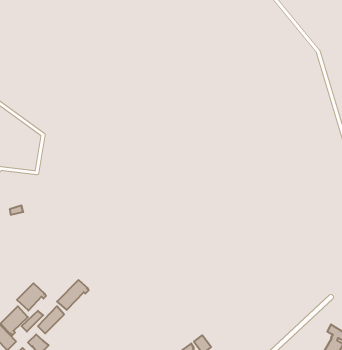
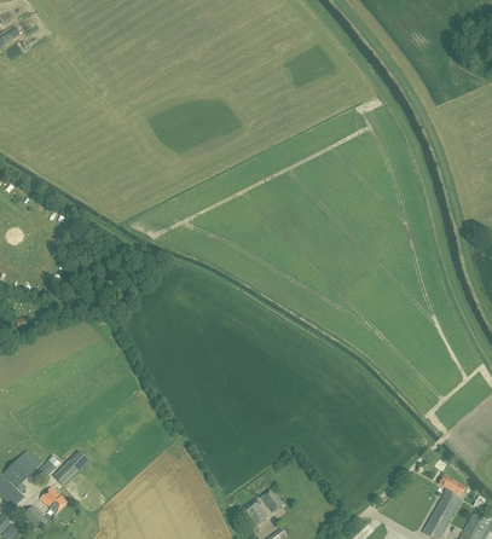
building: [57,280,89,310] -> none
building: [17,283,46,311] -> none

